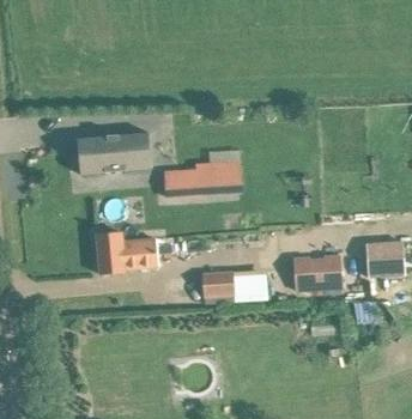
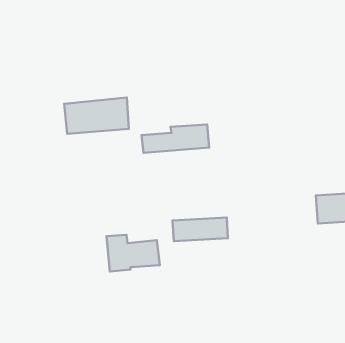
building: [96,232,157,274] -> [107,235,160,271]
building: [293,256,341,291] -> none

